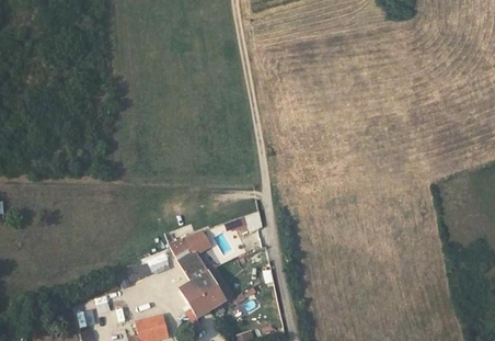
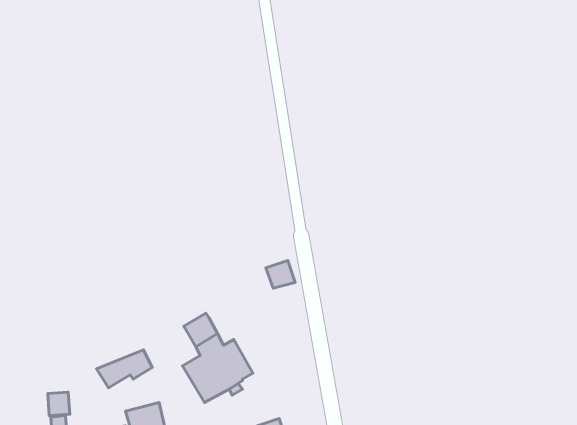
building: [169,231,210,260] -> [97,350,152,388]

